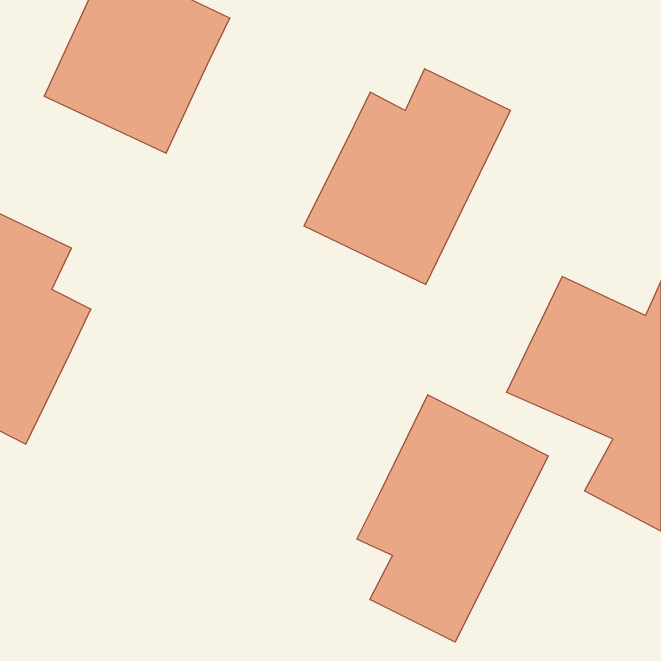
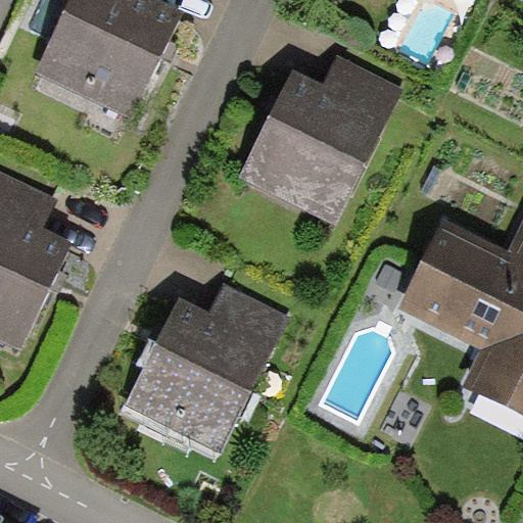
building: none -> [124,286,286,453]
building: [357,395,548,642] -> none

